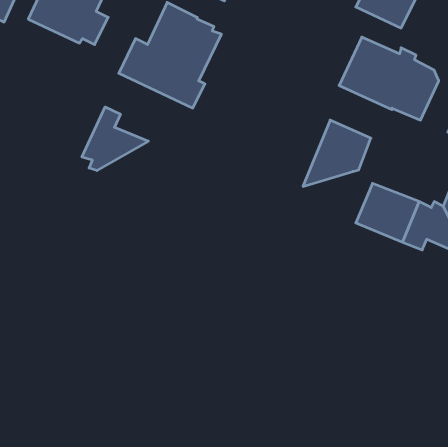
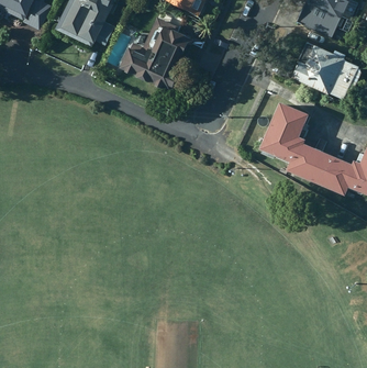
building: [82,107,148,171] -> none
building: none -> [258,136,309,175]

